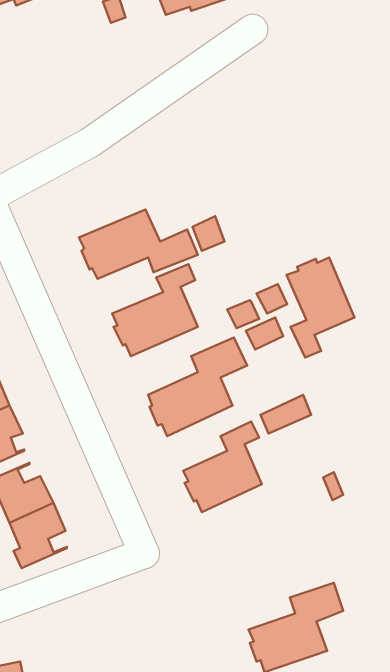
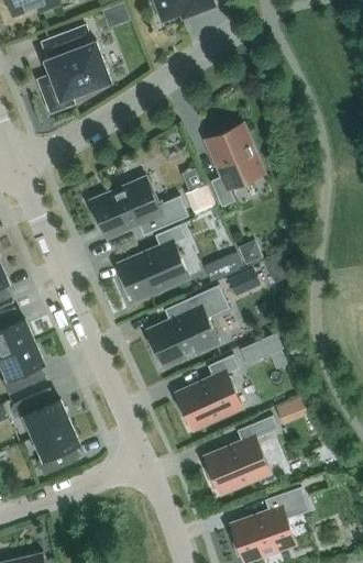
building: none -> [37,25,110,113]
building: [286,257,354,357] -> [206,124,262,207]
building: none -> [205,416,277,493]

